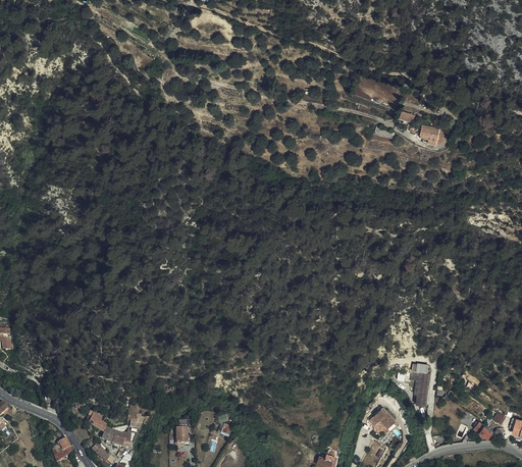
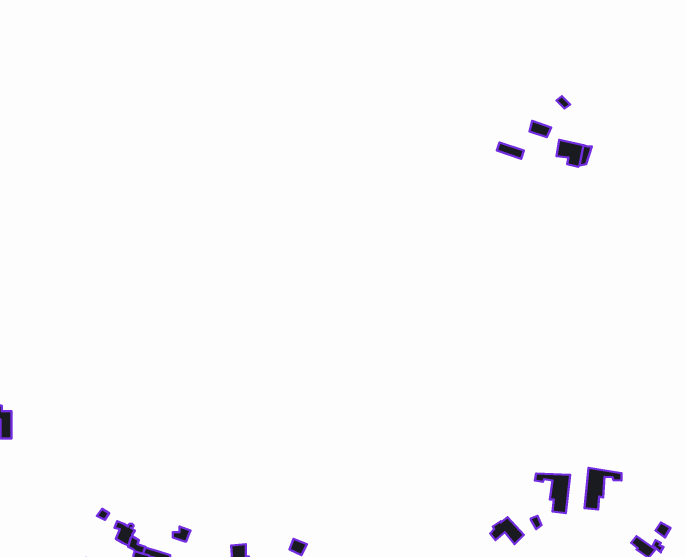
building: none -> [585,468,622,510]

